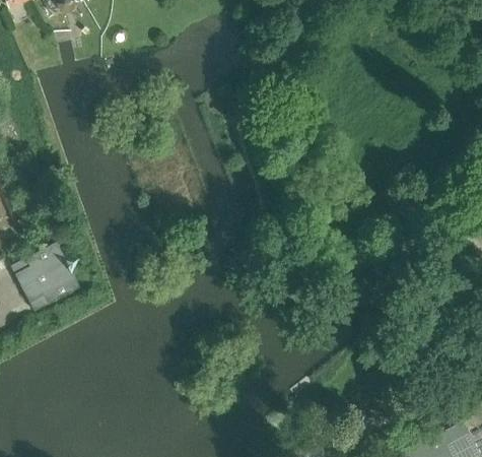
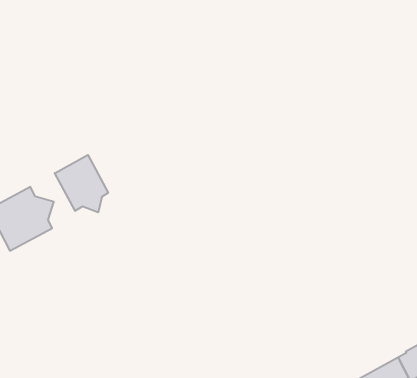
building: none -> [55,155,108,212]

